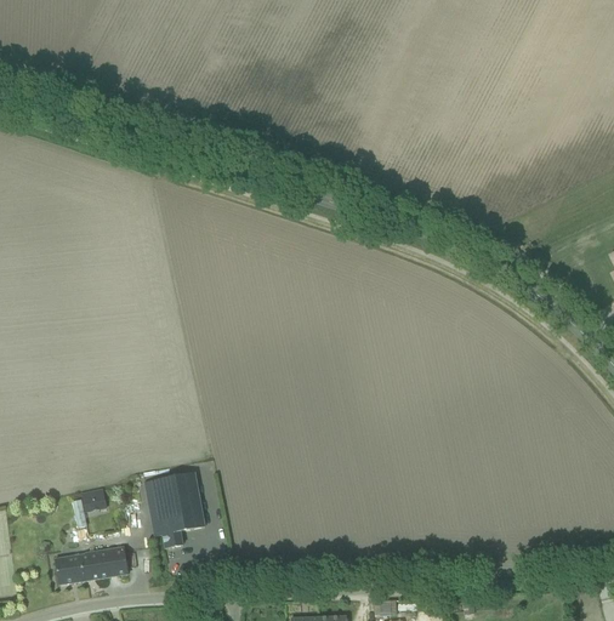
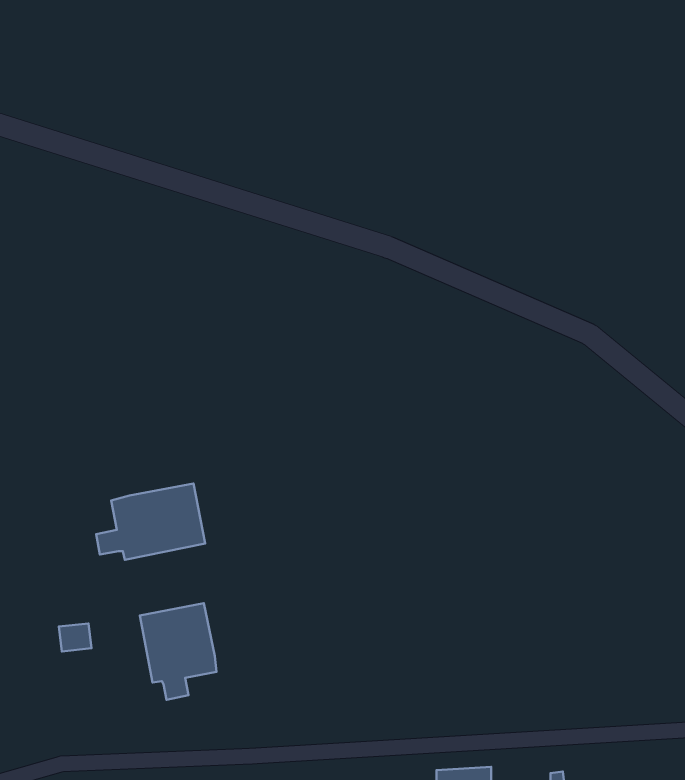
building: none -> [96,484,205,560]
building: [53,545,126,582] -> none

